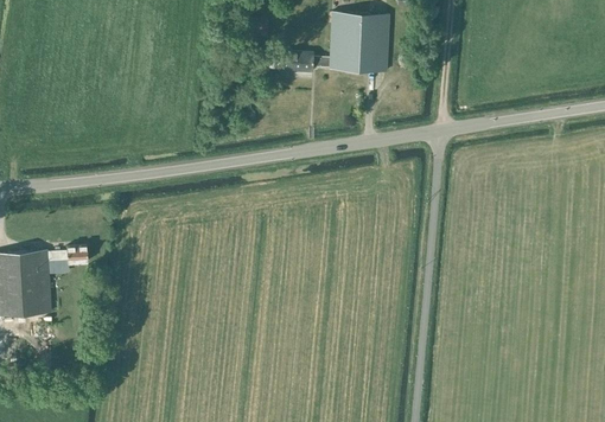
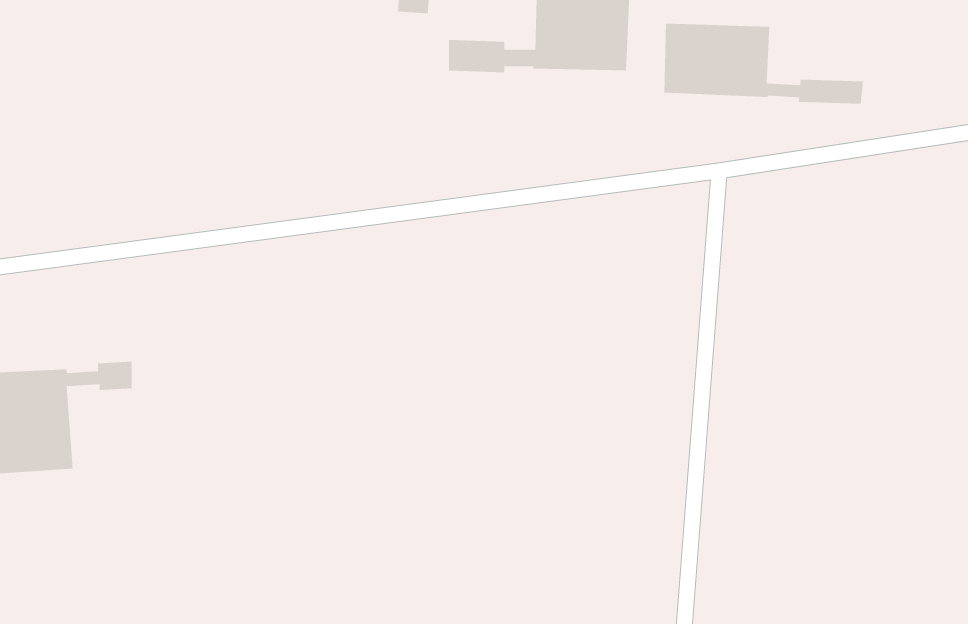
building: none -> [664,23,863,105]

